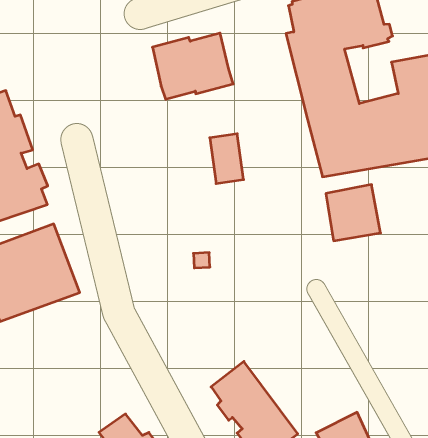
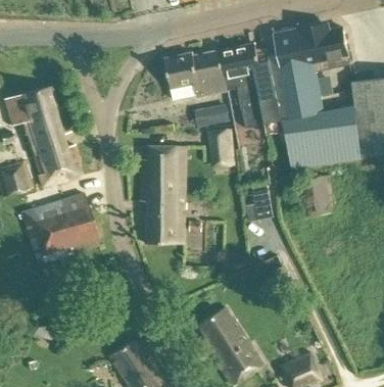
building: none -> [219,43,283,127]
building: none -> [194,103,228,126]
building: none -> [140,145,188,243]

